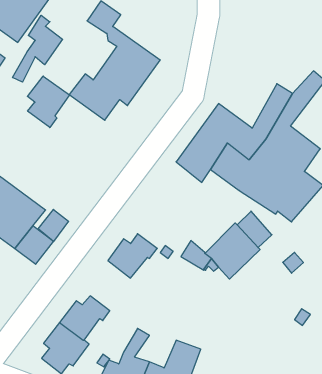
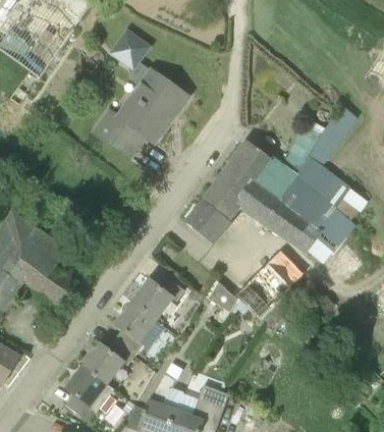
building: [13,15,63,82] -> none
building: [27,76,70,128] -> none
building: none -> [186,200,231,244]
building: [38,209,69,242] -> none
building: none -> [114,302,156,354]

